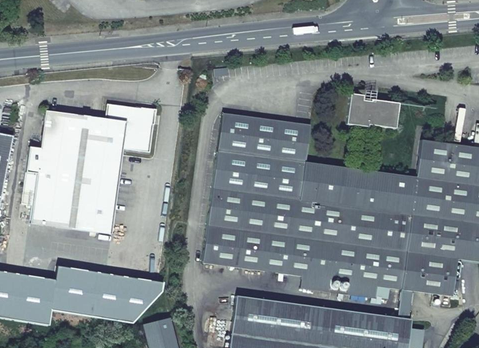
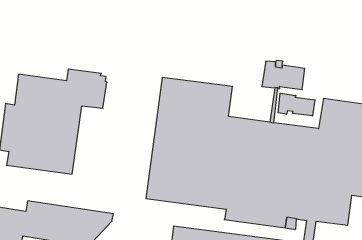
building: none -> [278,93,315,116]

